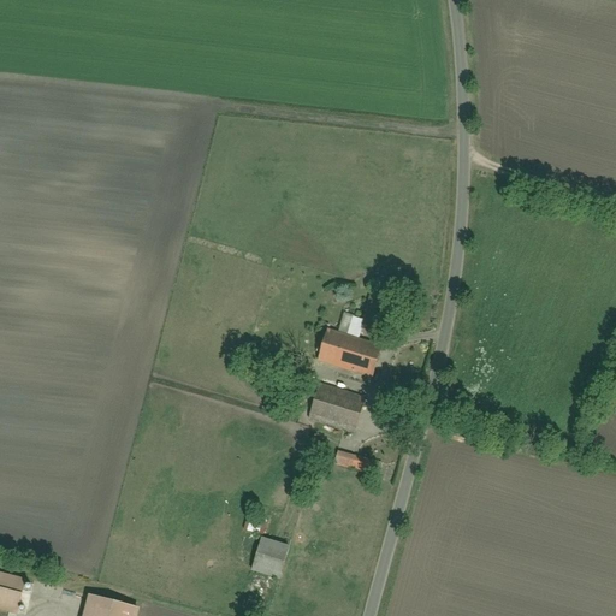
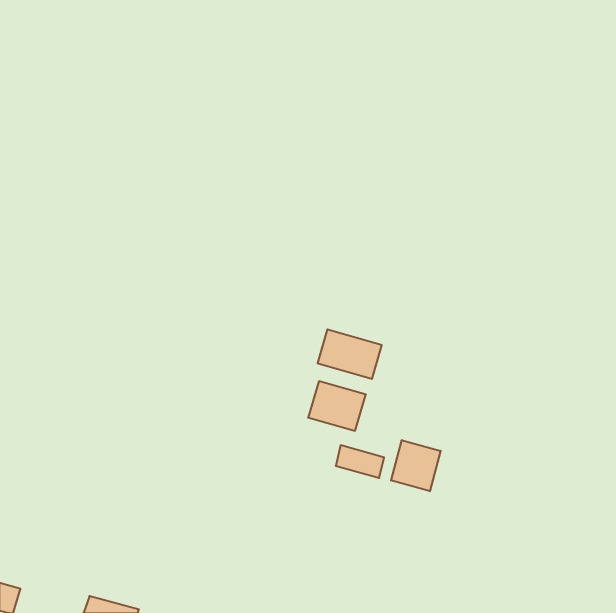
building: none -> [391,440,441,491]
building: [250,538,288,580] -> none

